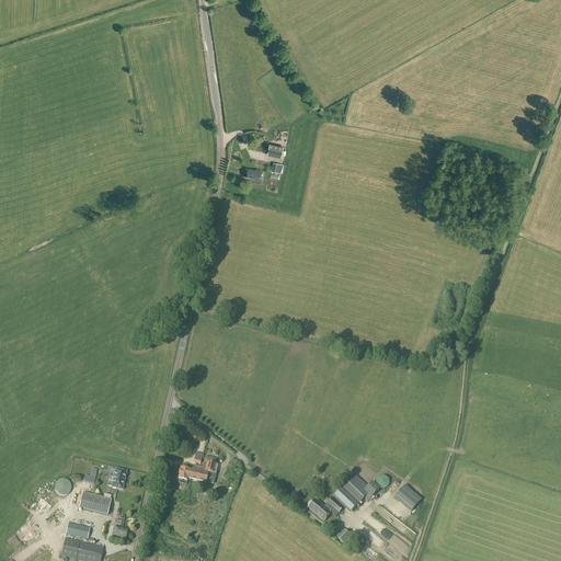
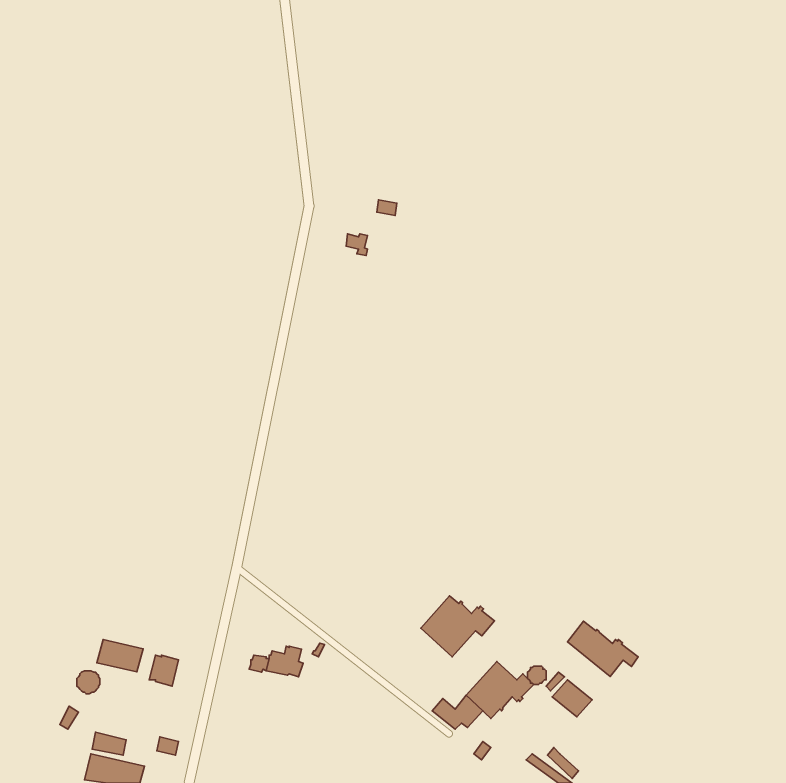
building: none -> [421,596,494,657]
building: none -> [568,621,638,676]
building: [79,491,112,514] -> [97,640,143,672]

